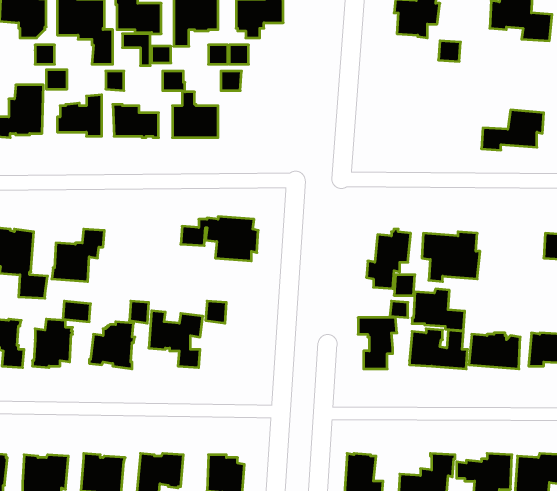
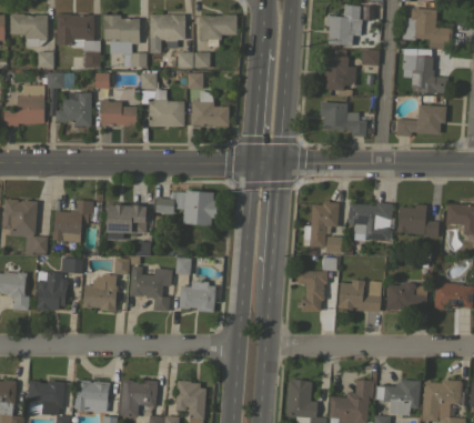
building: none -> [403,49,450,93]
building: none -> [323,54,356,97]
building: none -> [192,91,230,127]
building: none -> [320,102,373,137]
building: none -> [108,203,147,240]
building: [412,289,465,330] -> [397,204,440,238]
building: none -> [180,281,216,312]

